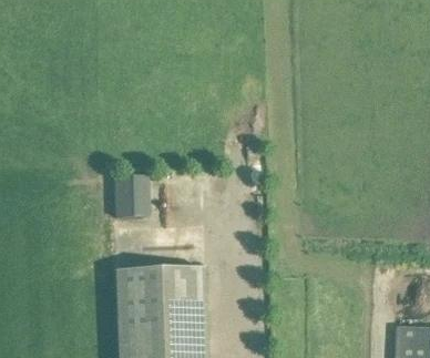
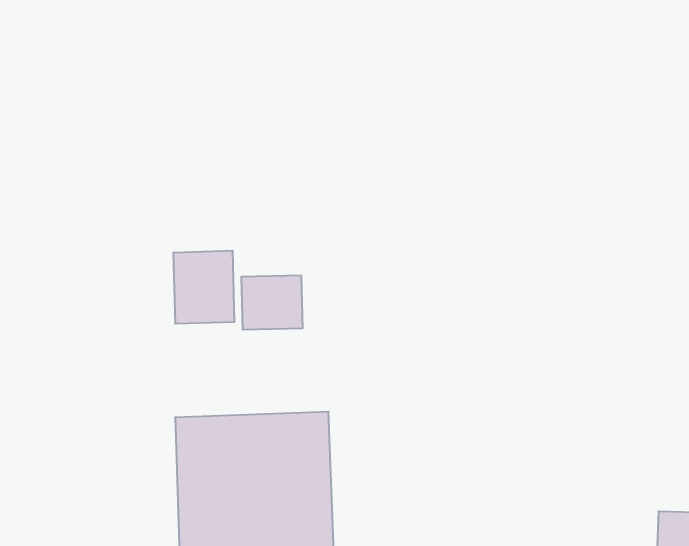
building: none -> [241,275,303,330]

